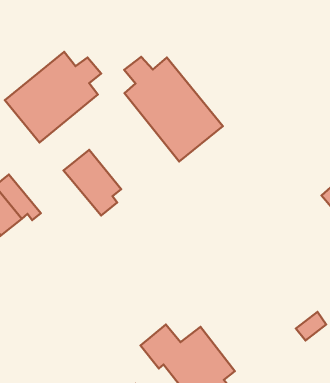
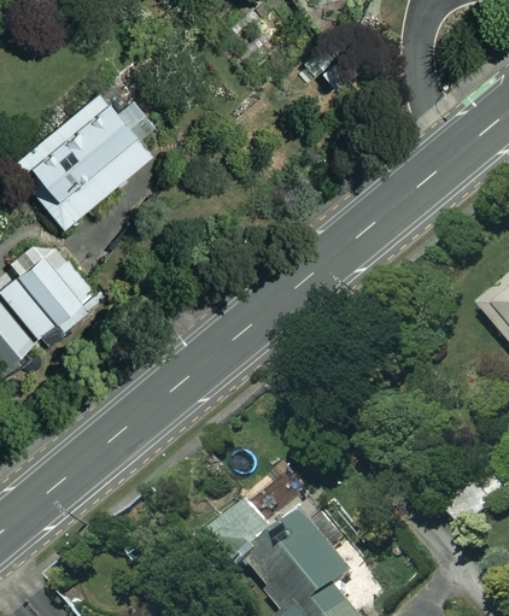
building: [124,57,223,162] -> none
building: [63,150,121,215] -> [8,237,95,336]

